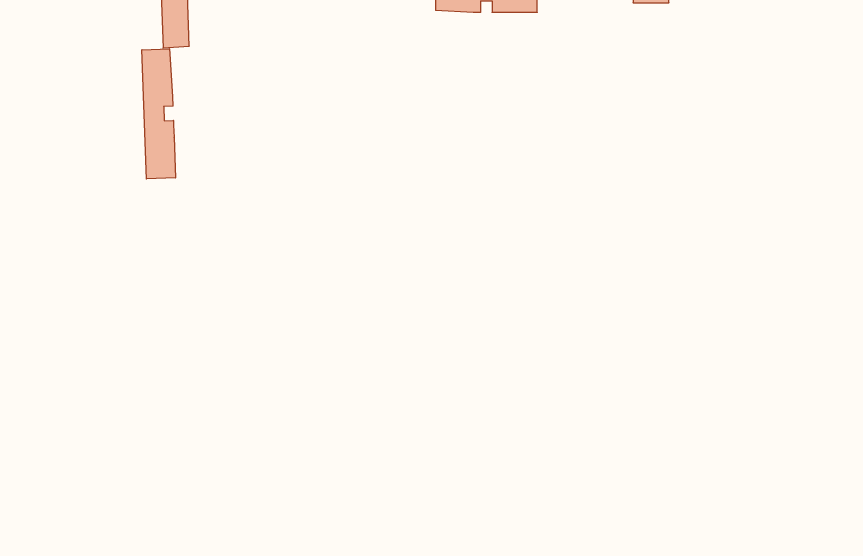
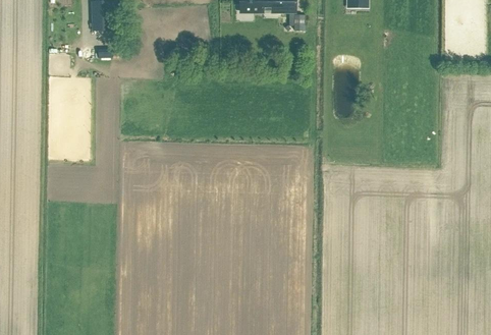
building: [142,49,175,179] -> none

